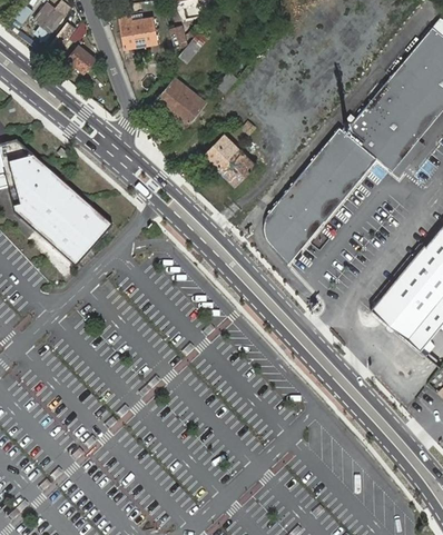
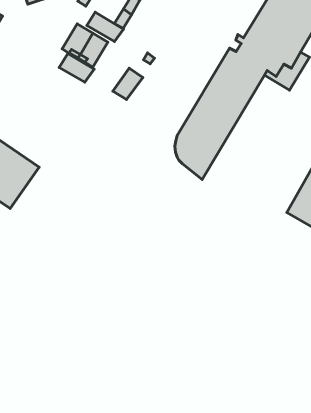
building: none -> [87,12,123,41]
building: none -> [59,54,94,82]
building: [217,146,257,186] -> none

